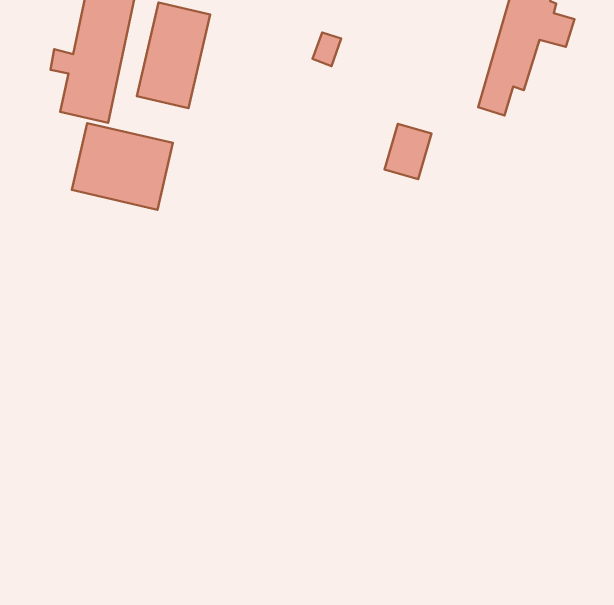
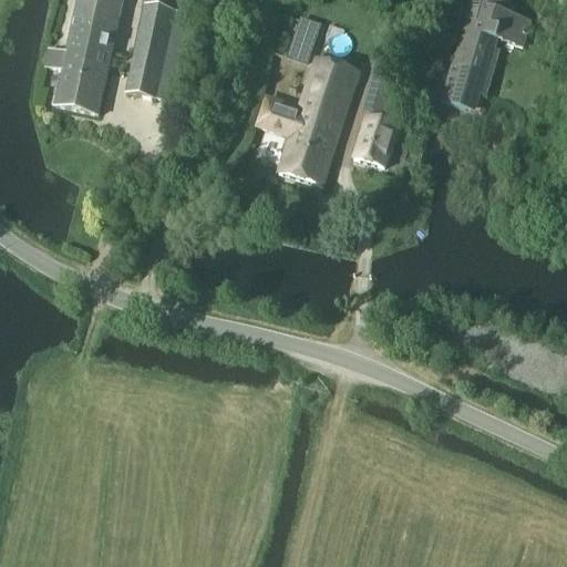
building: none -> [258,55,359,184]
building: [72,123,173,210] -> none

